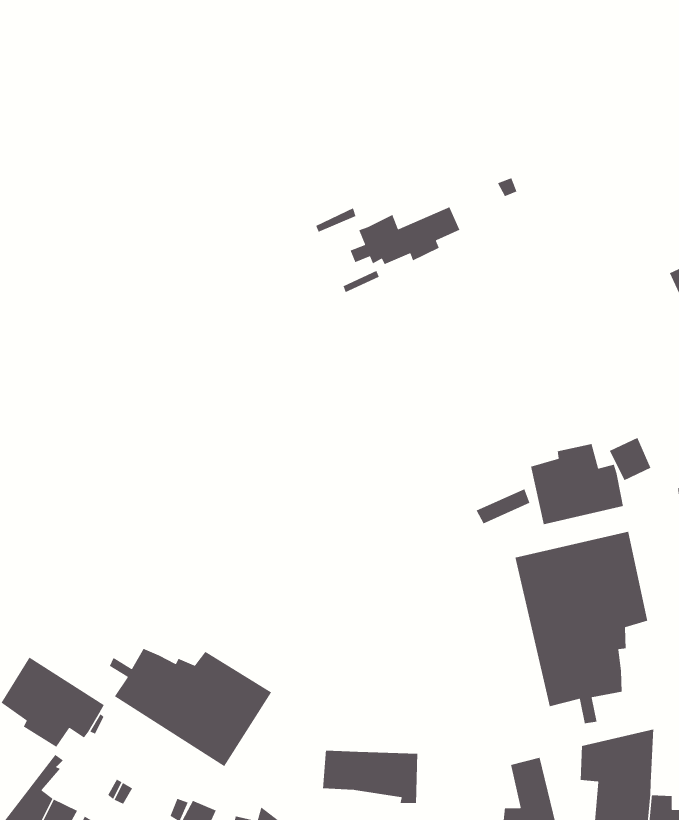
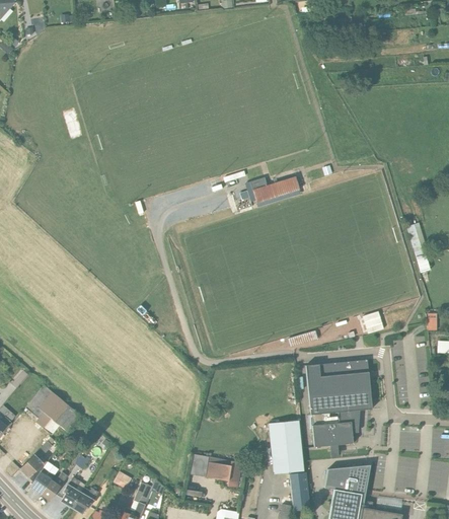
building: [530,443,624,525] -> none
building: [109,648,272,767] -> none
building: none -> [269,421,305,474]

